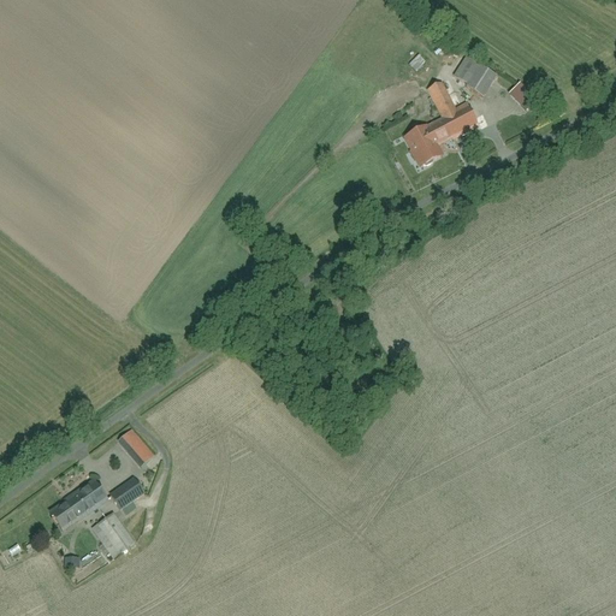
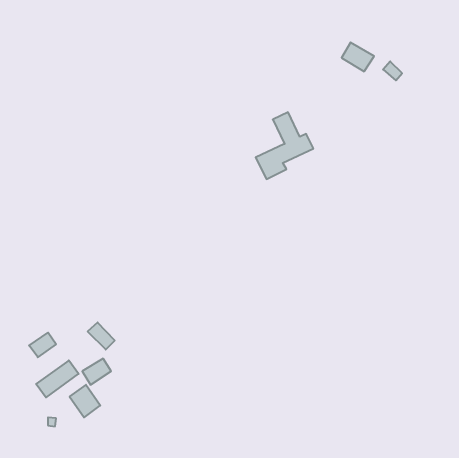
building: [403,76,480,165] -> [256,112,313,179]
building: none -> [29,333,56,357]

